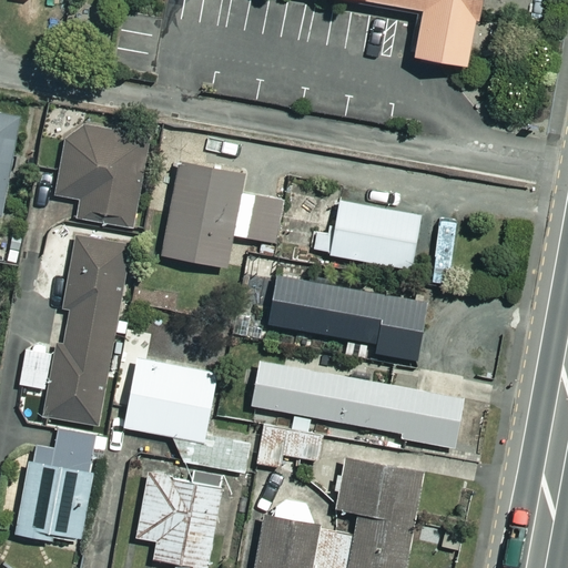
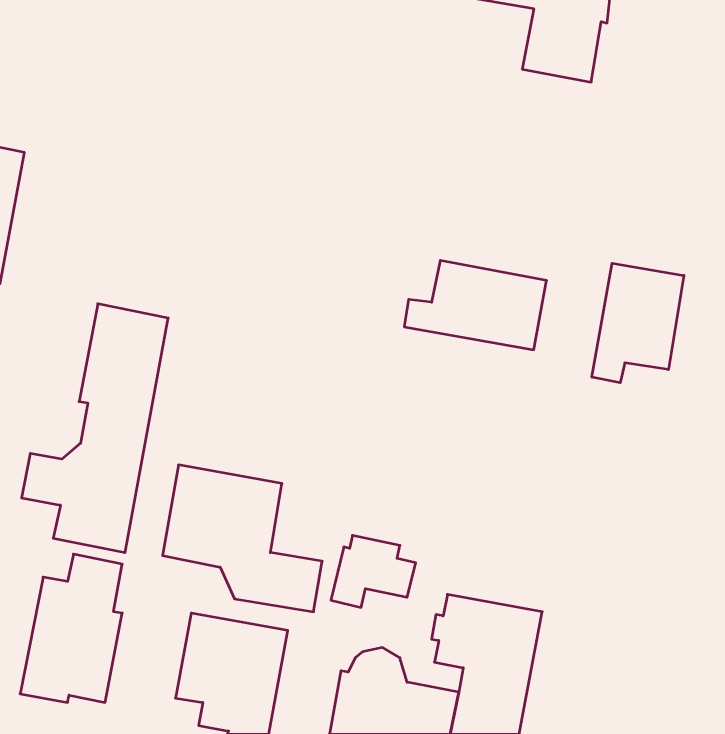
building: [55,128,145,230] -> none
building: [162,162,283,268] -> none
building: none -> [592,263,684,383]
building: [268,276,428,361] -> none
building: [252,359,463,448] -> none

